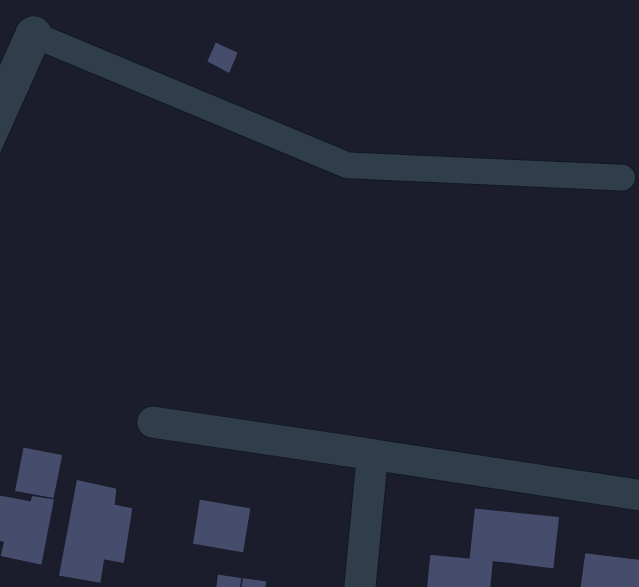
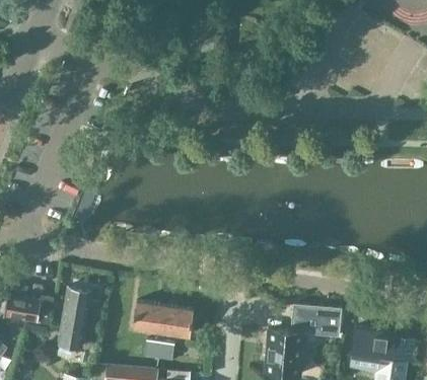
building: [14,447,63,499] -> none
building: none -> [161,303,196,333]

